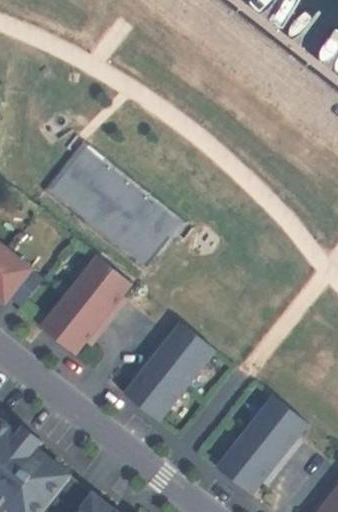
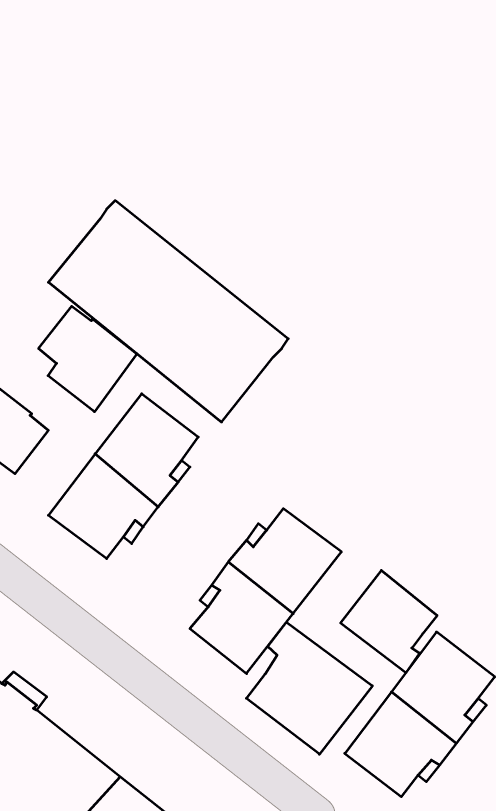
building: none -> [39,306,137,412]
building: none -> [341,570,437,673]
building: none -> [246,622,372,754]

